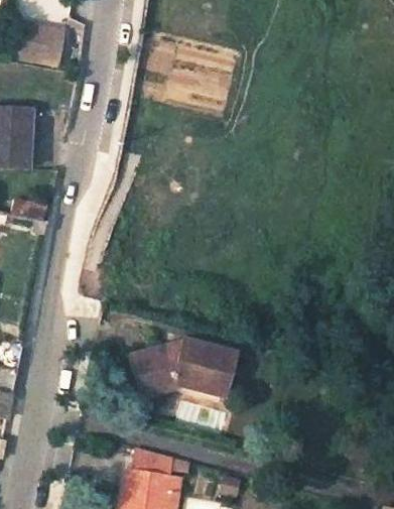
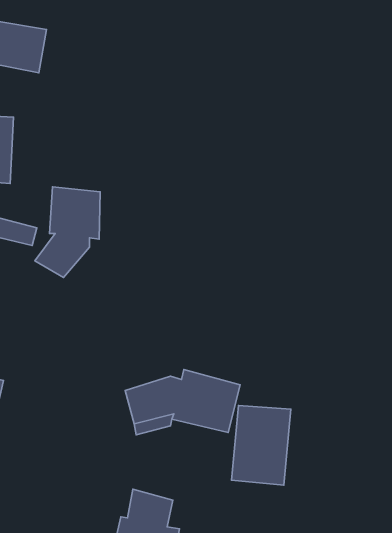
building: none -> [35,187,100,277]
building: none -> [231,405,291,485]

